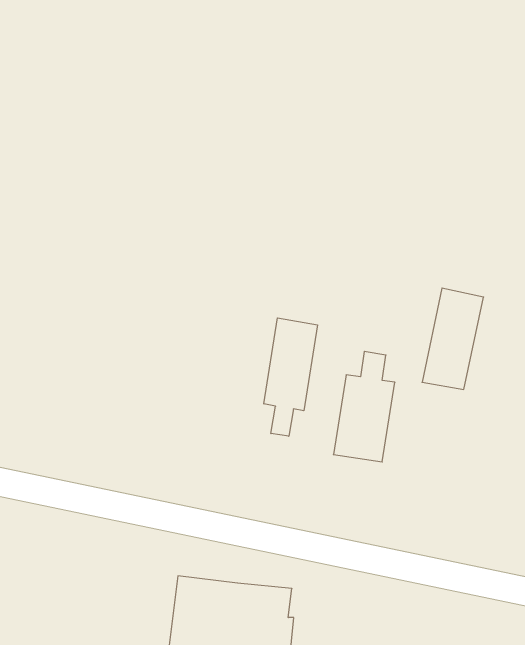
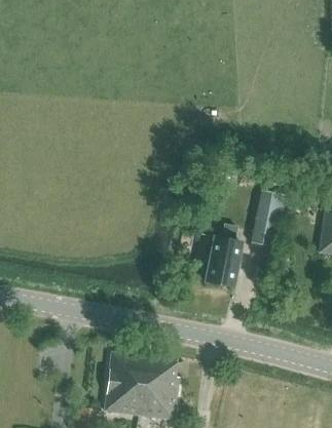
building: [264,318,317,436] -> none

